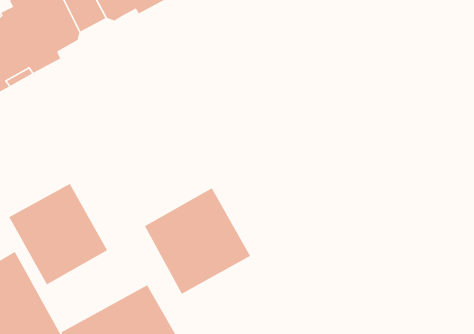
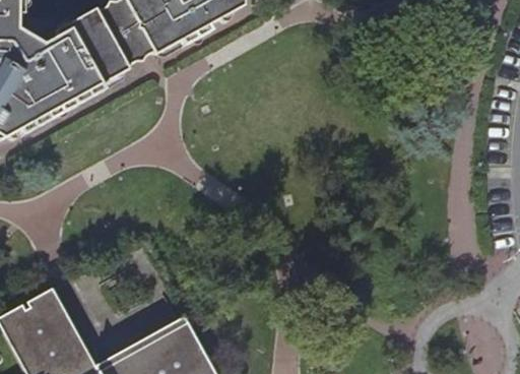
building: [8,183,108,285] -> none
building: [144,187,251,295] -> none

